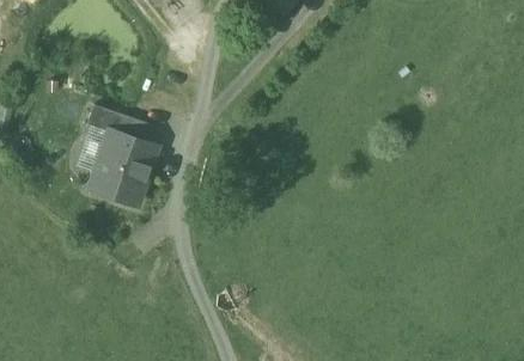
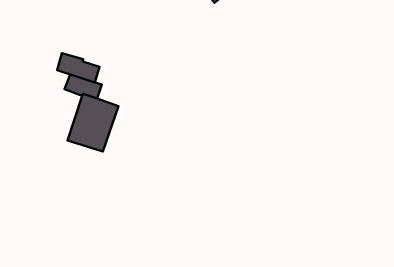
building: none -> [57,53,100,82]

